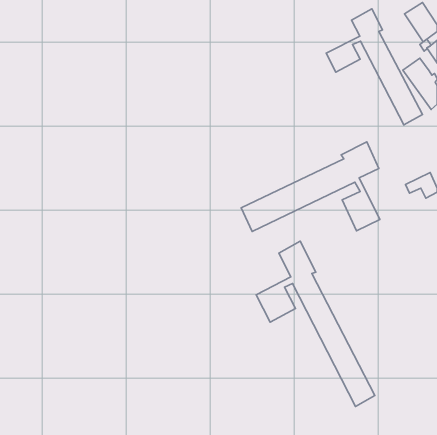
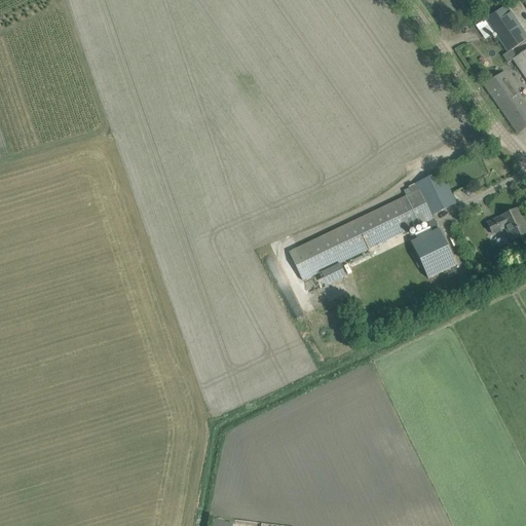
building: [326,9,422,125] -> none
building: [256,241,375,406] -> none

